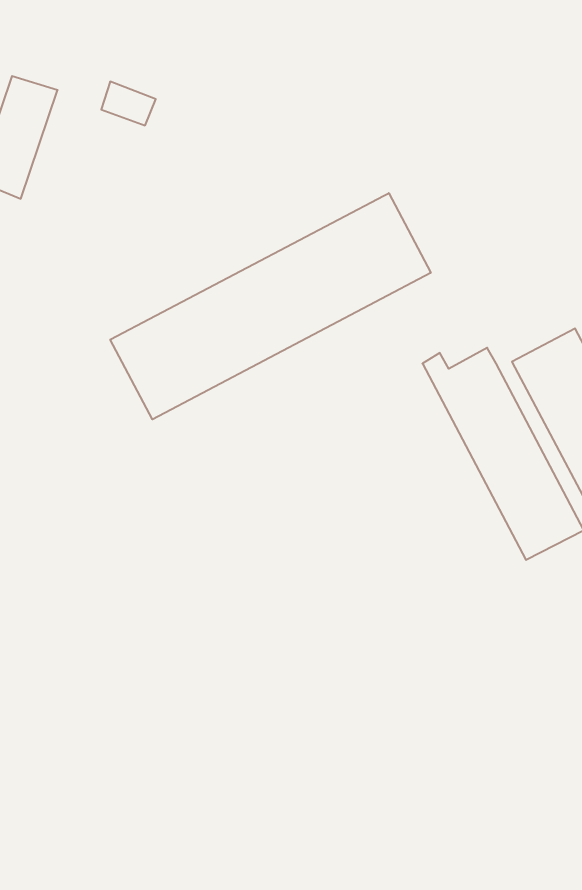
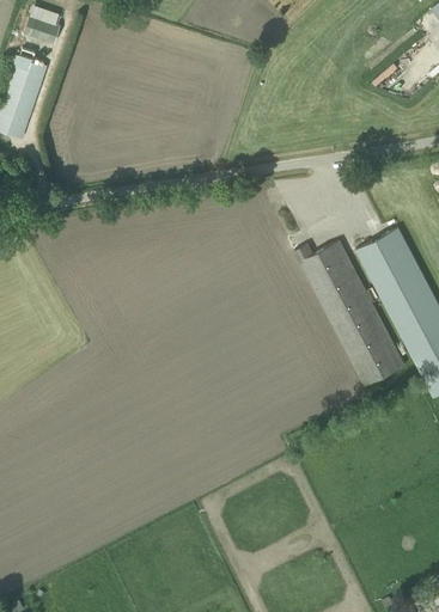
building: [101,82,156,125] -> [23,13,60,43]
building: [110,193,431,419] -> none

